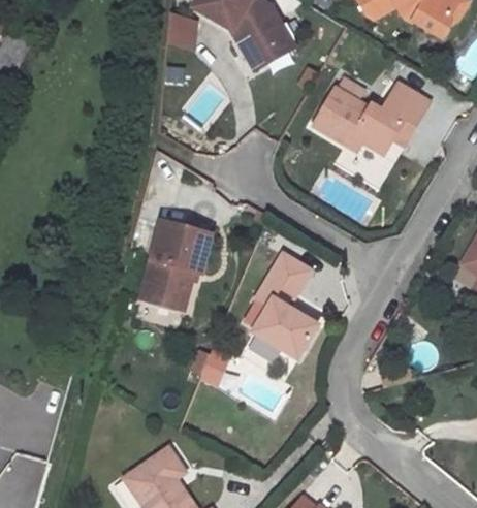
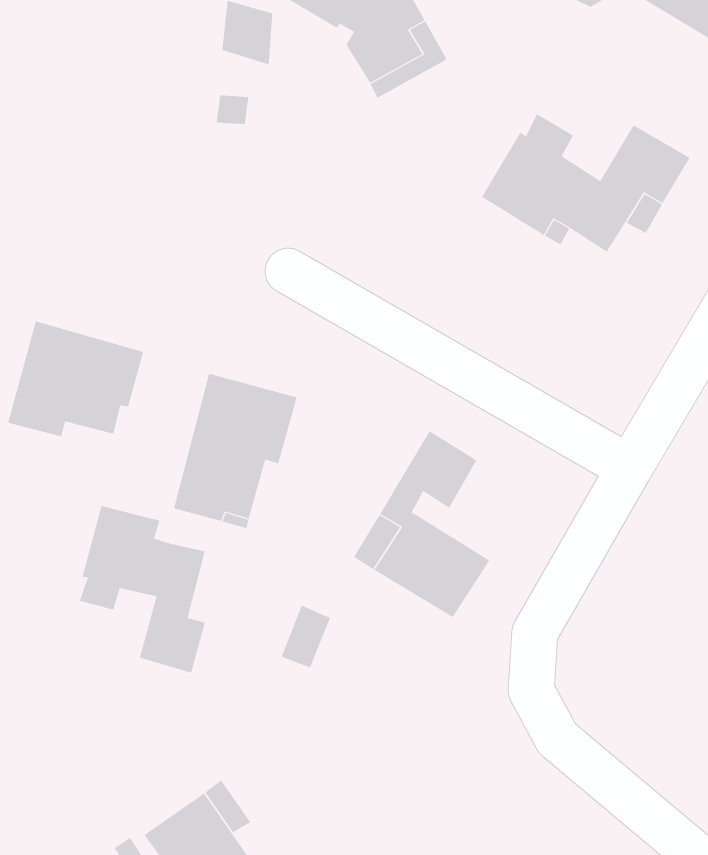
building: none -> [8,320,144,437]
building: none -> [79,505,205,673]

